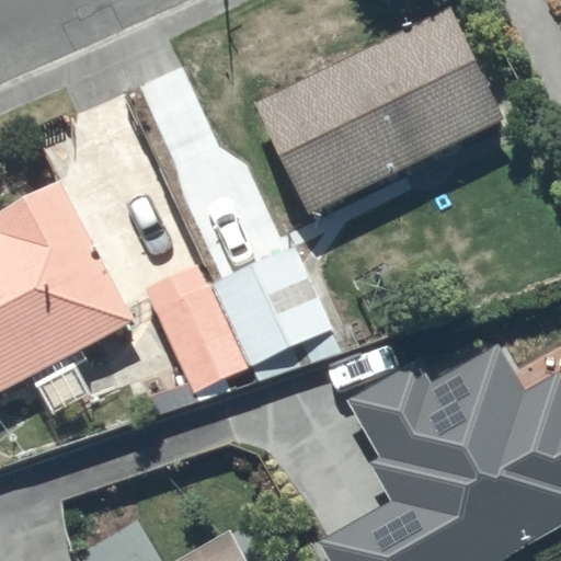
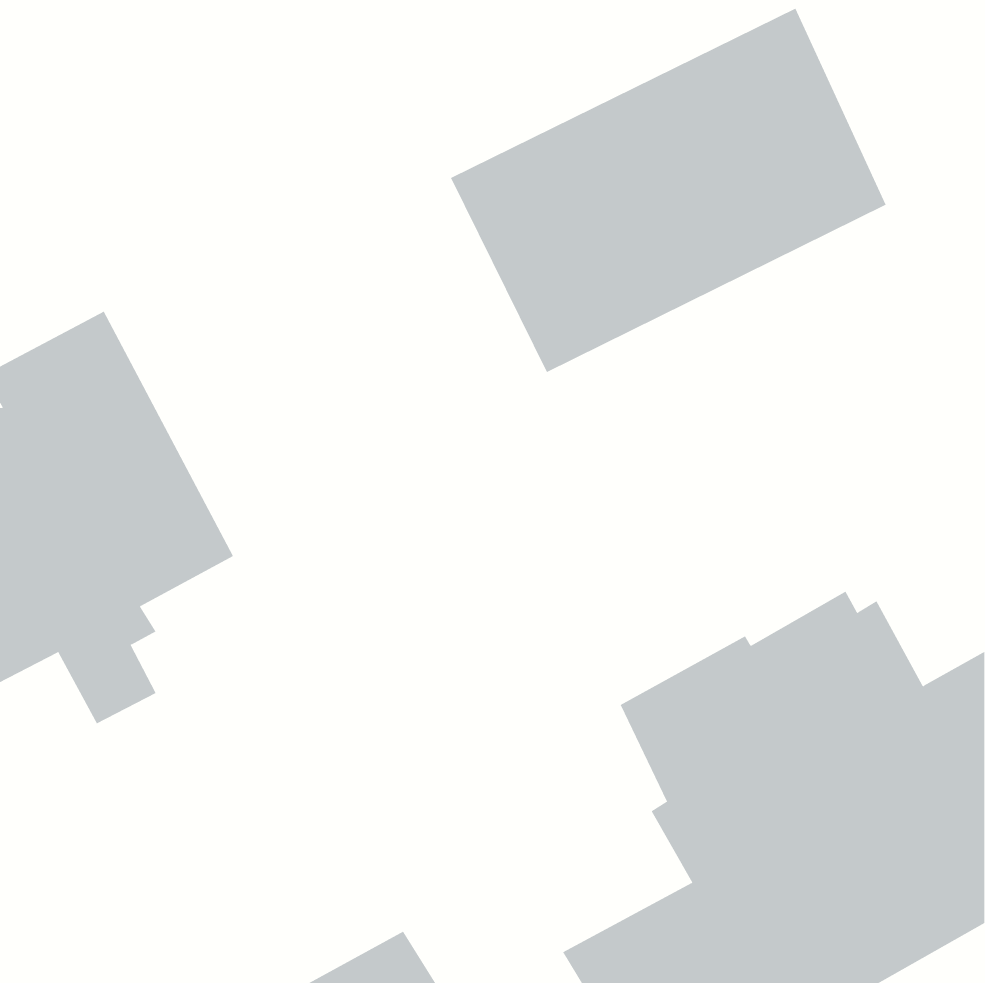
building: [145,243,336,393] -> none

